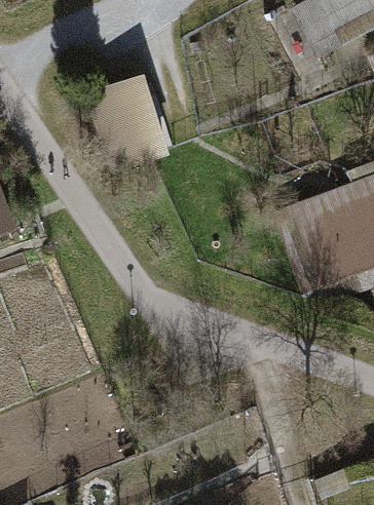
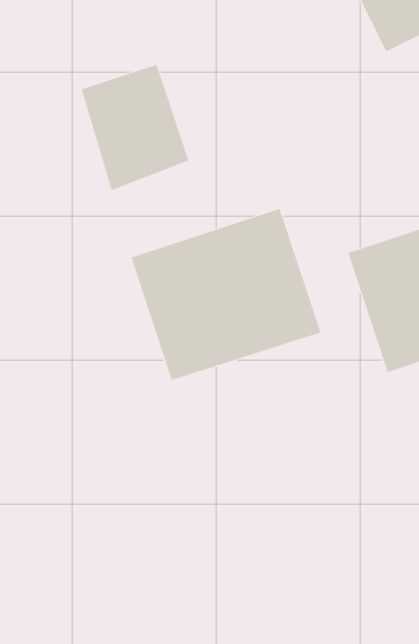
building: none -> [131,208,321,381]

